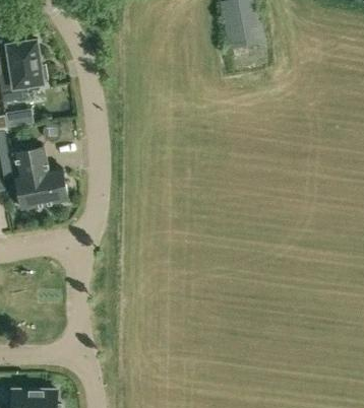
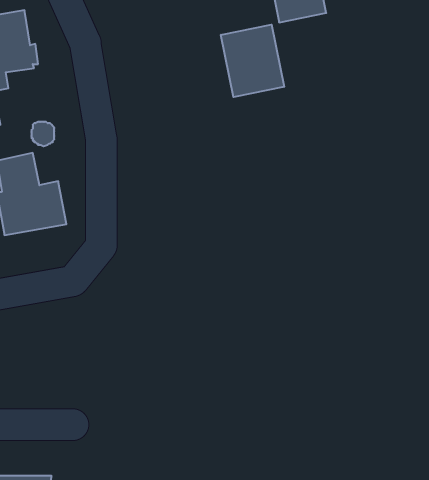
building: none -> [221,25,284,97]

